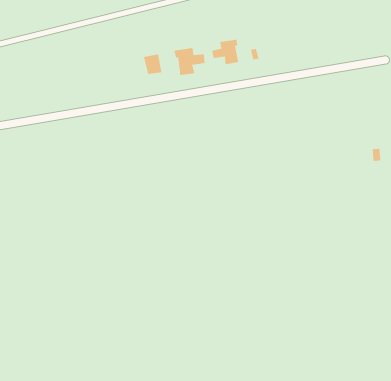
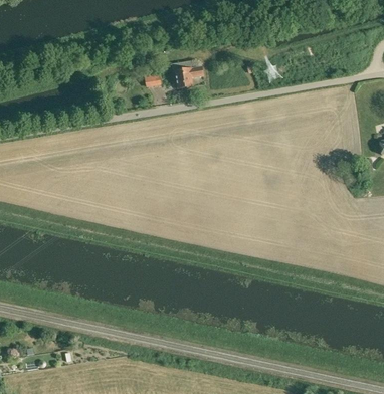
building: [212,39,239,65] -> none

